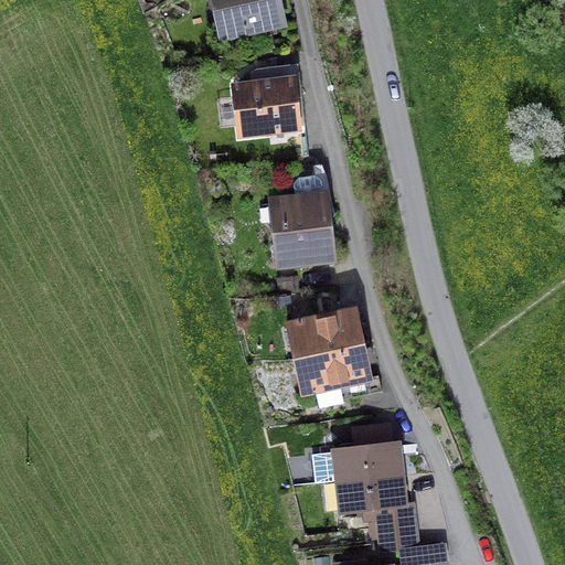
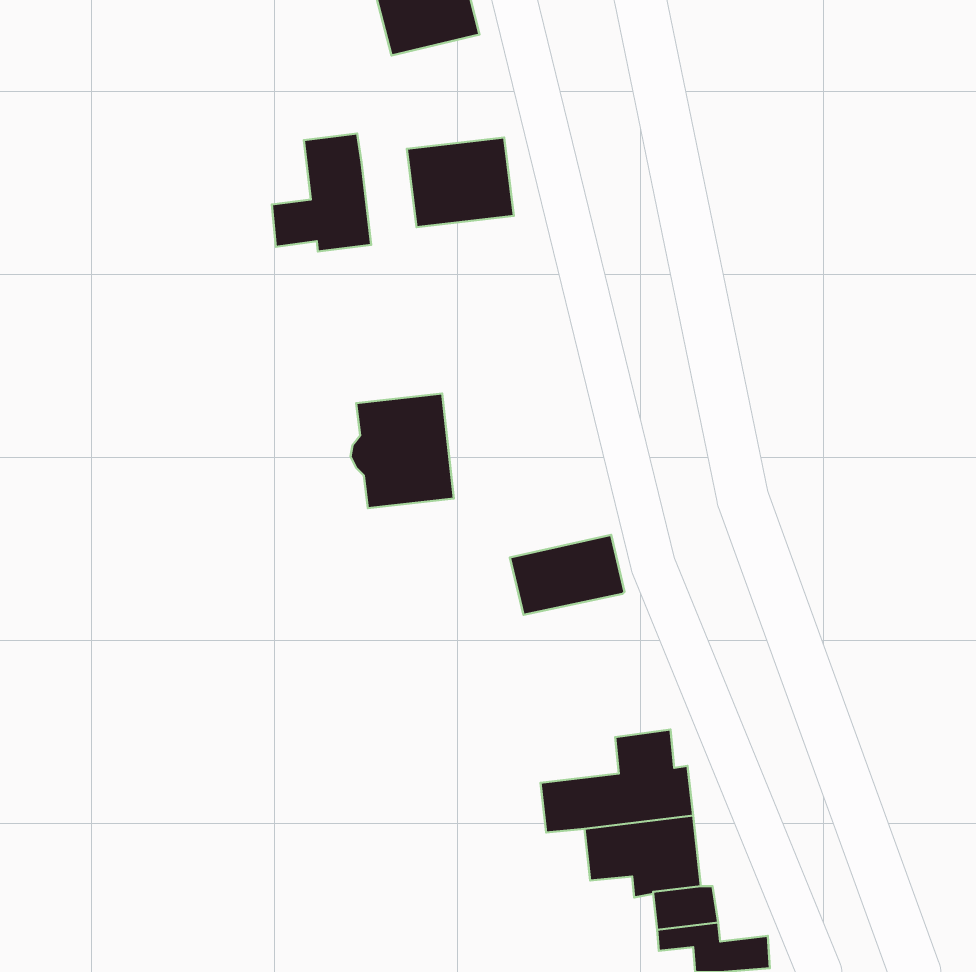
building: none -> [272,134,371,251]
building: [270,195,330,262] -> [351,393,454,508]
building: [302,342,381,403] -> none

